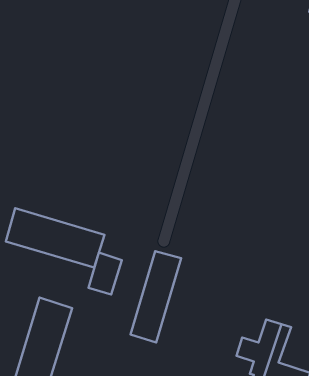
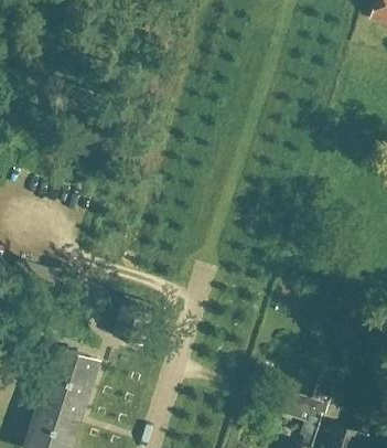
building: [6,208,104,268] -> none
building: [130,251,181,342] -> none

